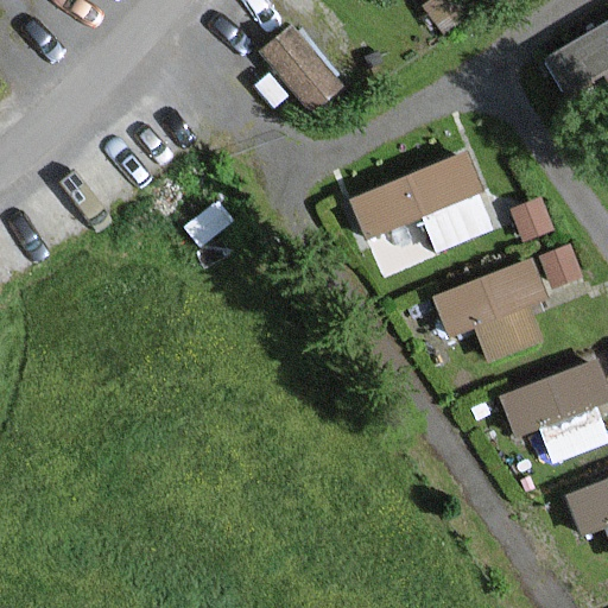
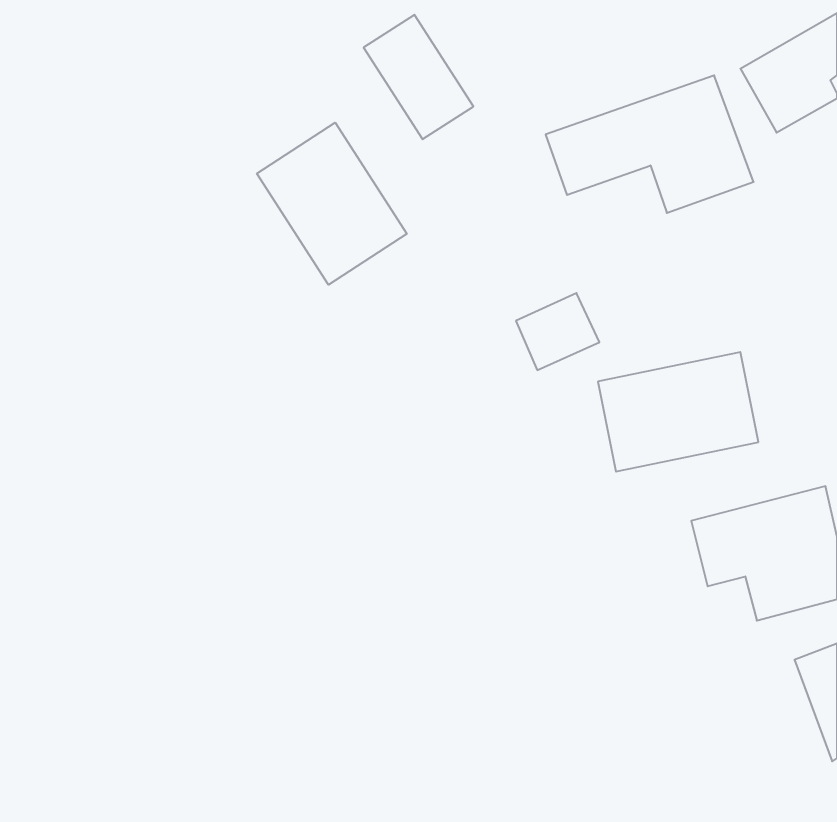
building: none -> [257,123,407,285]
building: [348,153,499,253] -> [546,75,754,213]

